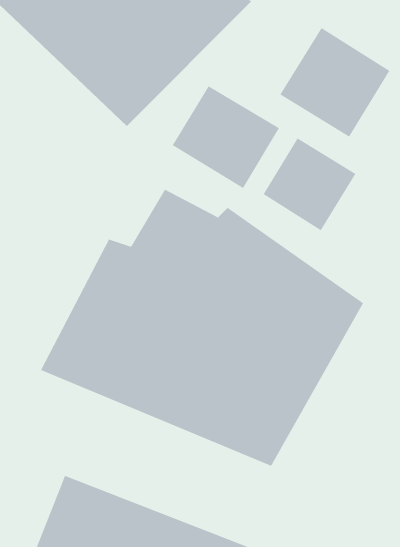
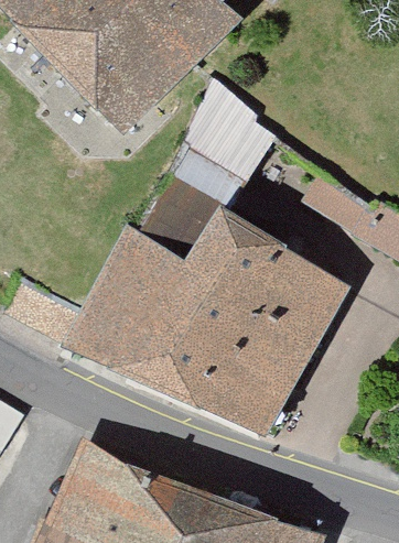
building: [280,27,390,138] -> none
building: [263,138,356,231] -> none

